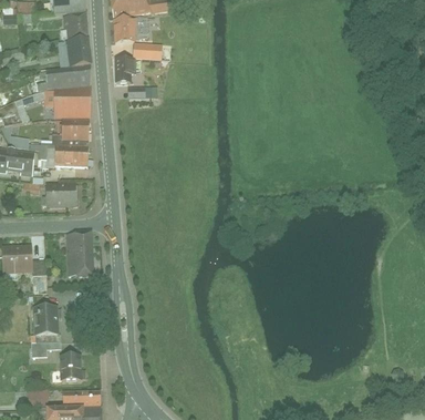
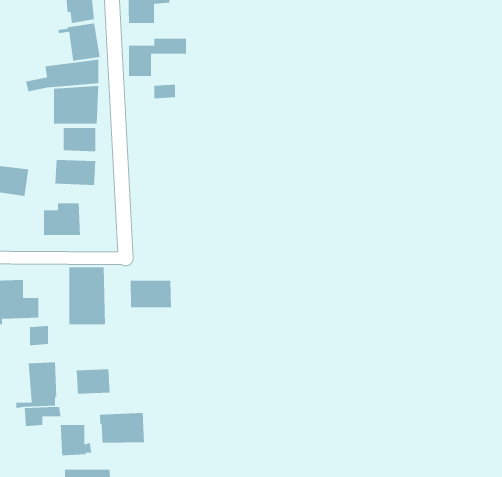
building: none -> [130,280,172,308]
building: none -> [76,369,111,395]
building: none -> [99,412,145,443]

